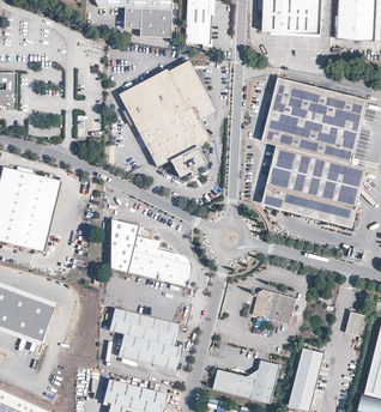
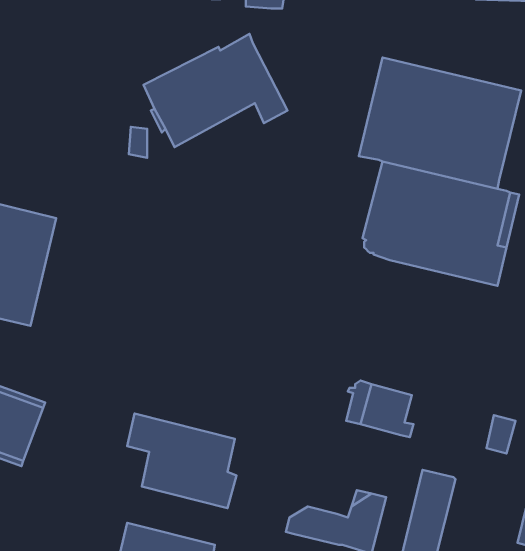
building: [139,105,208,177] -> none
building: [109,220,188,287] -> none

